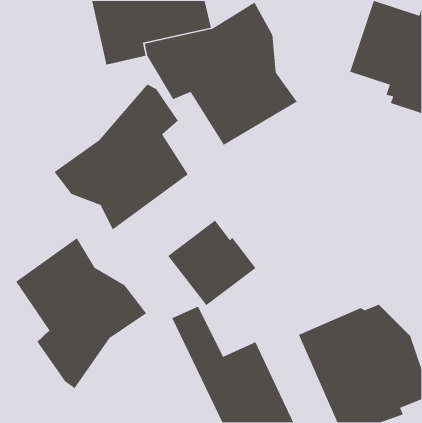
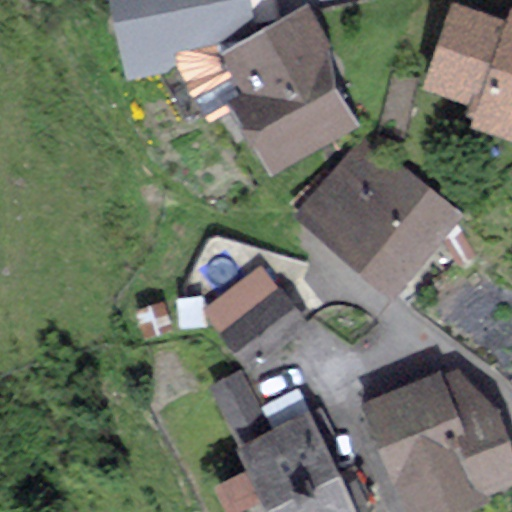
building: [53,84,189,230] -> none
building: none -> [295,132,476,297]
building: [15,237,147,389] -> none

